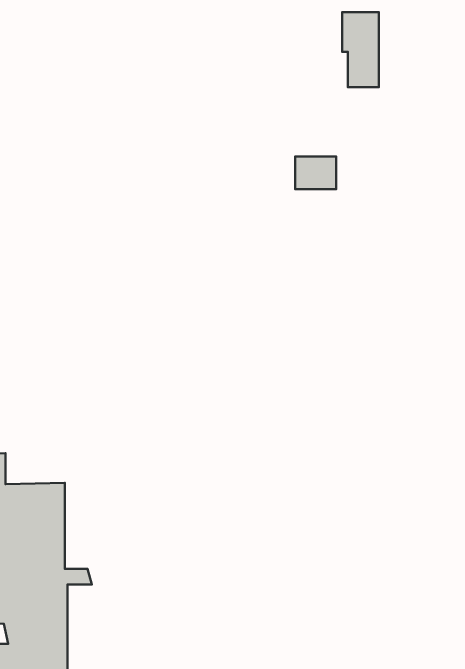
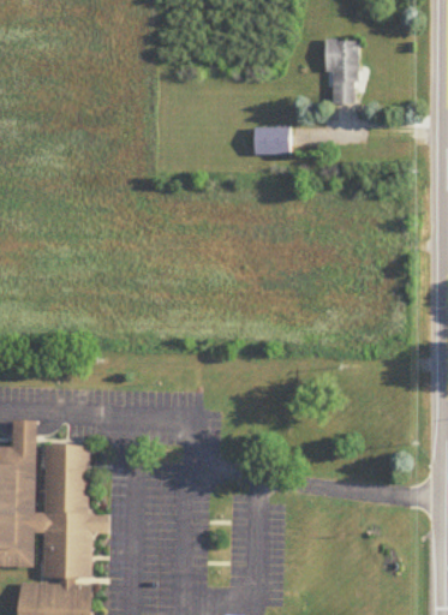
building: [295,157,336,189] -> [253,127,288,155]

